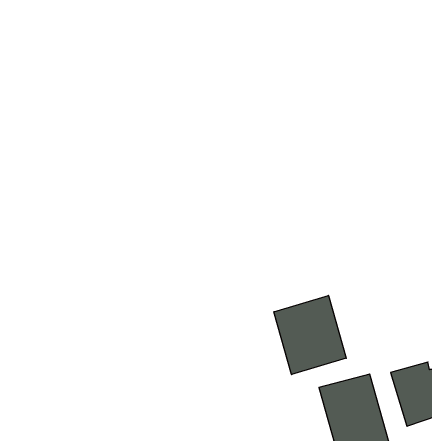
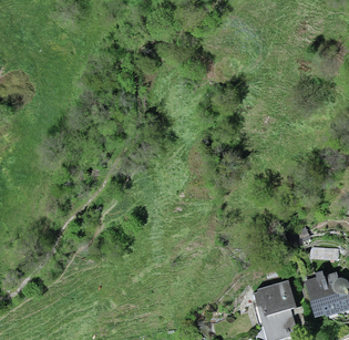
building: [274,295,346,375] -> none

